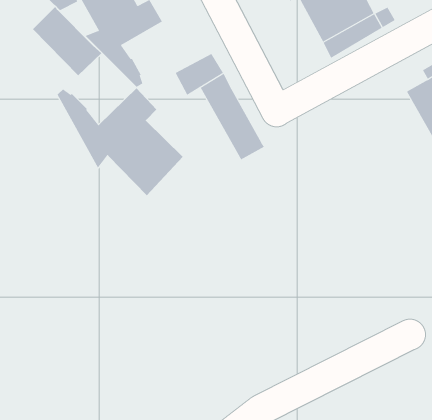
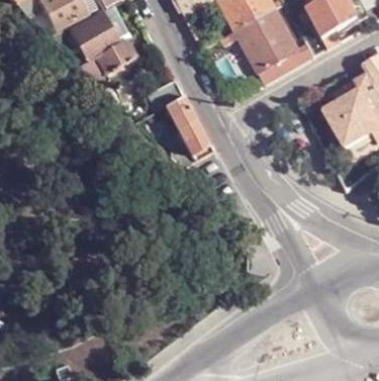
building: [32,6,102,76] -> none
building: [57,87,183,196] -> none

